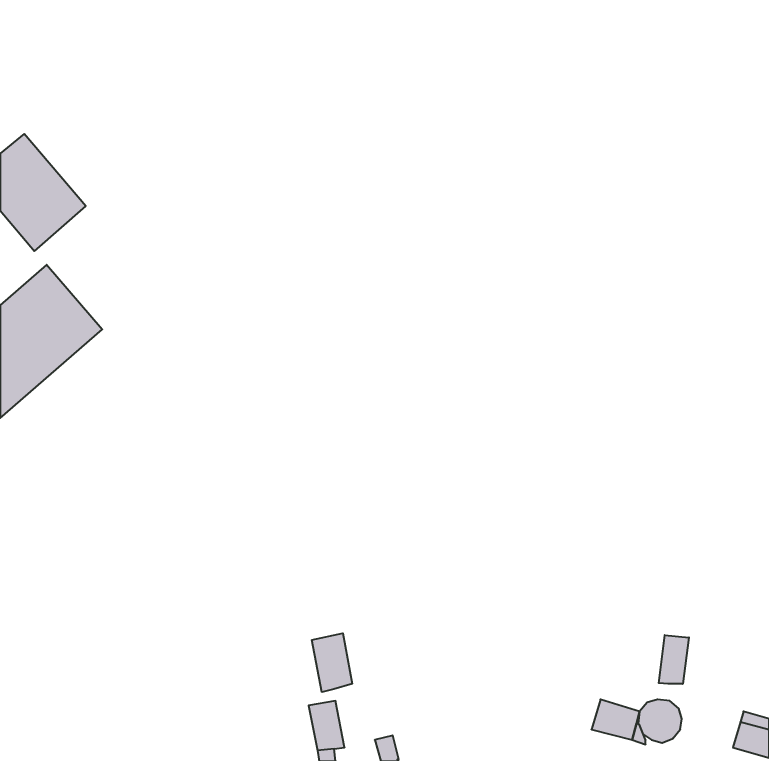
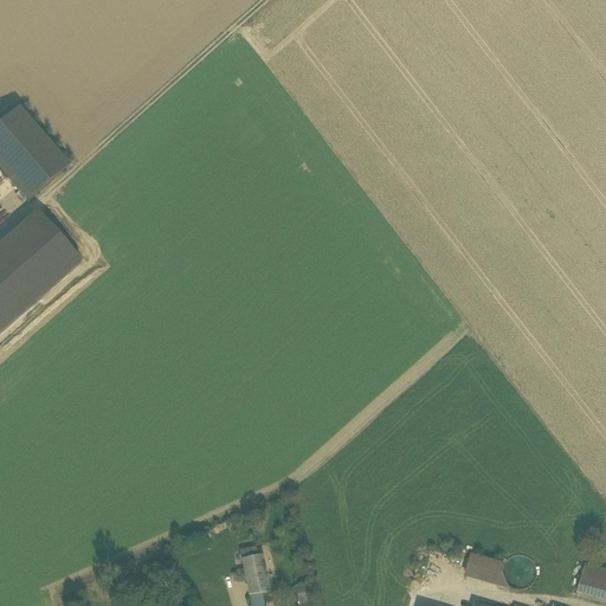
building: [312,633,352,692] -> none
building: [659,635,689,684] -> none

